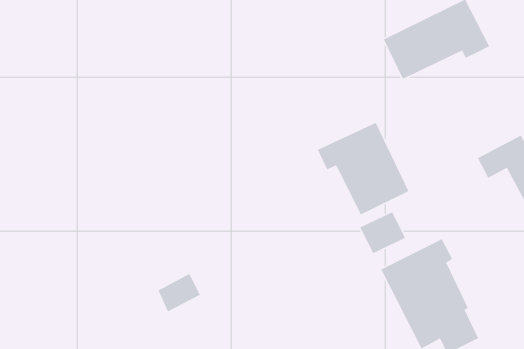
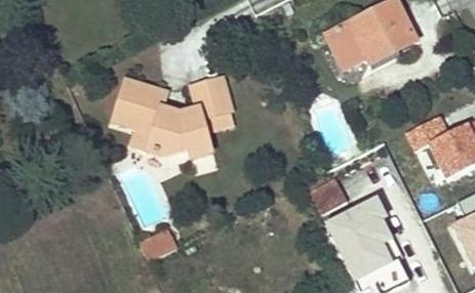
building: none -> [111,75,234,157]
building: [317,122,410,215] -> none

